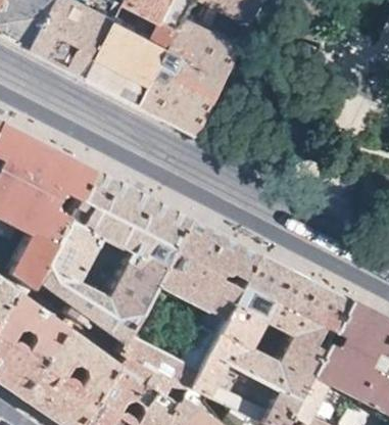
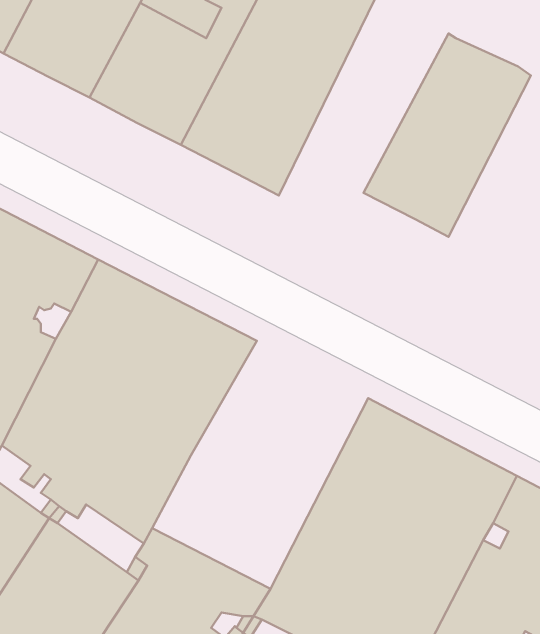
building: none -> [363,33,531,237]
building: [153,221,260,327] -> none

